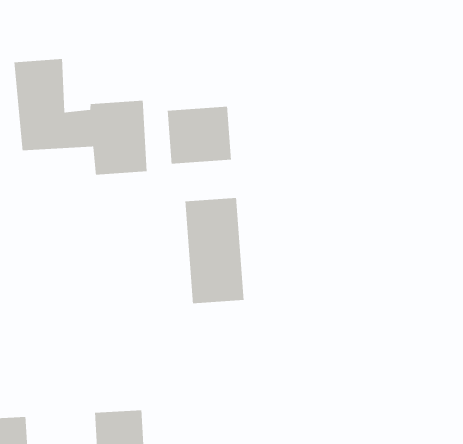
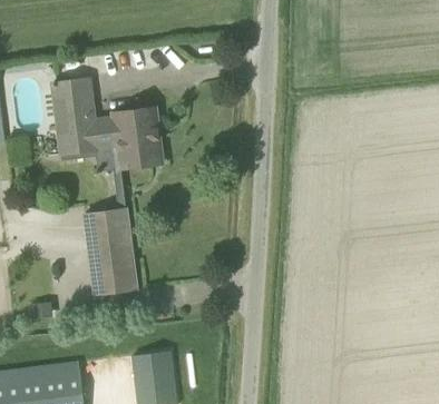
building: [167,106,232,164] -> none
building: [184,197,244,304] -> [84,208,136,295]

